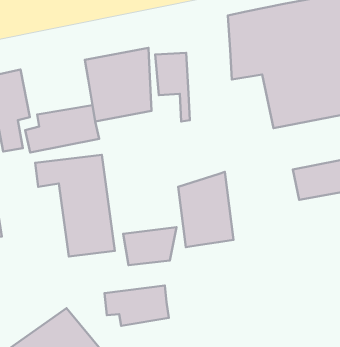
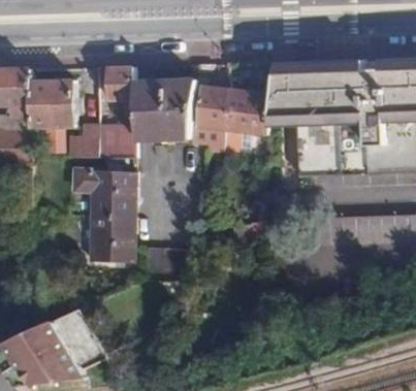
building: none -> [108,65,134,98]
building: none -> [225,89,270,131]
building: [178,172,233,247] -> none
building: [104,285,169,326] -> none

